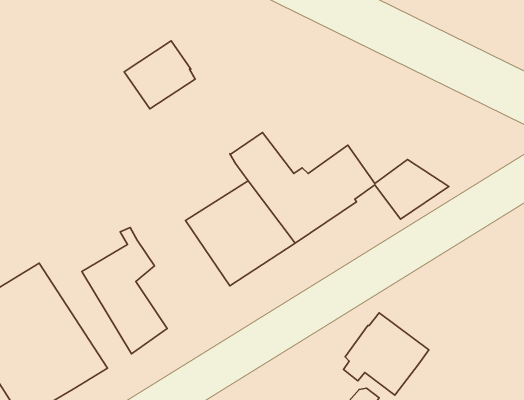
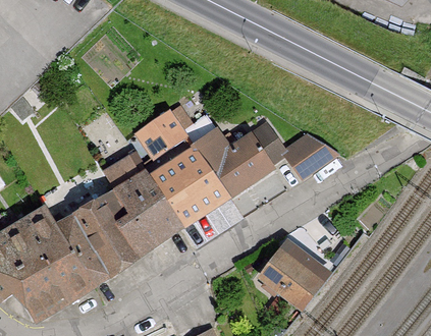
building: [124,41,195,109] -> [136,111,186,160]
building: none -> [105,150,182,257]
building: none -> [46,209,112,285]

